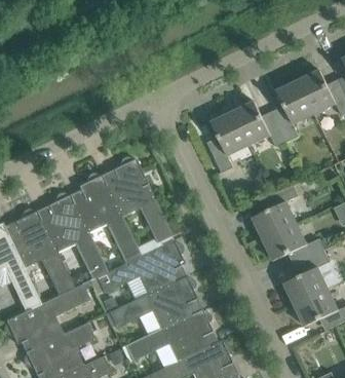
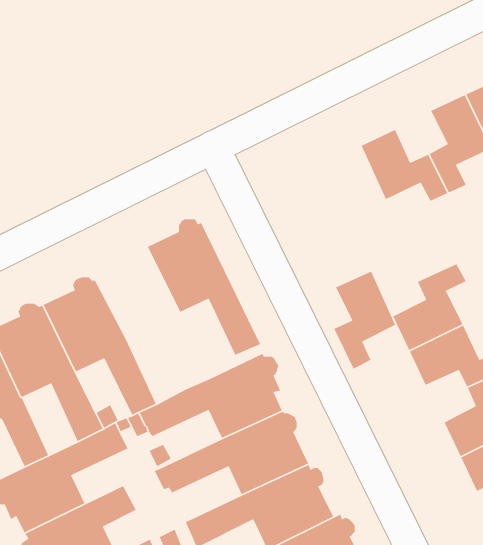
building: [210,112,250,174] -> [333,271,396,370]
building: [70,173,142,263] -> none

